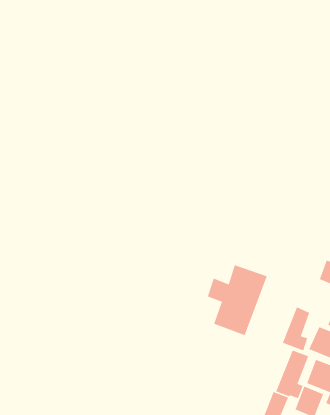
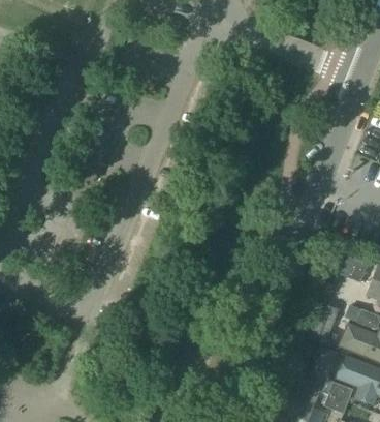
building: [207,264,268,336] -> none

